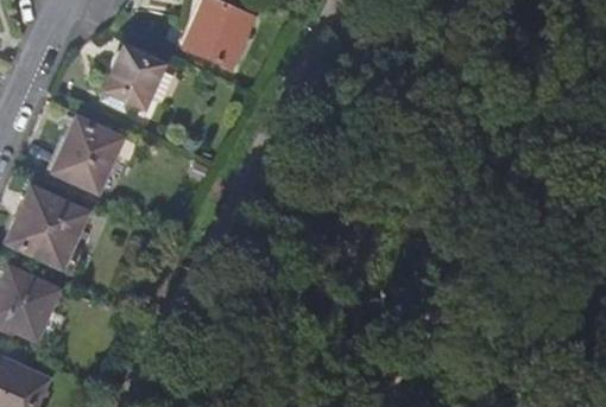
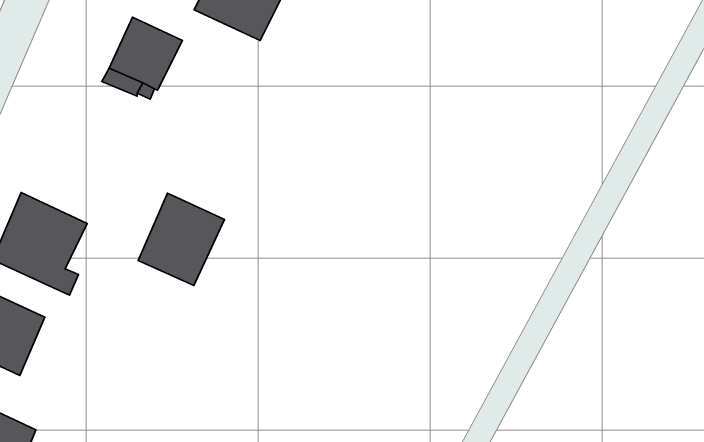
building: [55,115,125,190] -> [138,193,225,285]

